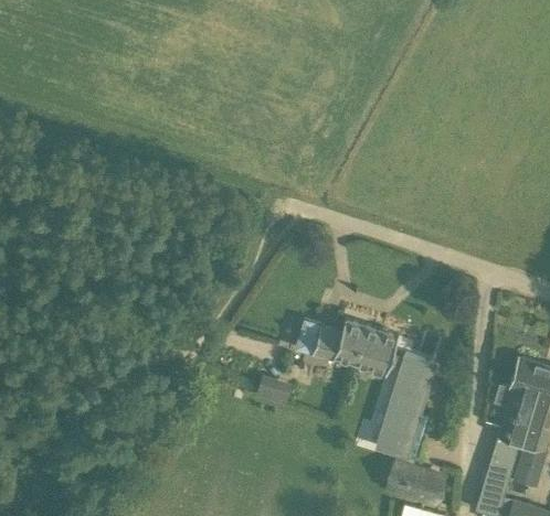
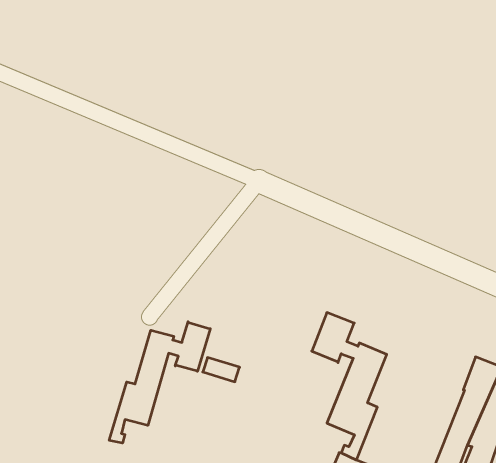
building: [295,320,370,367] -> none
building: none -> [109,322,210,443]

